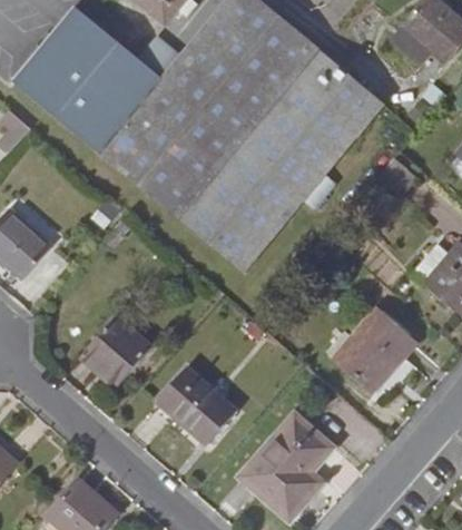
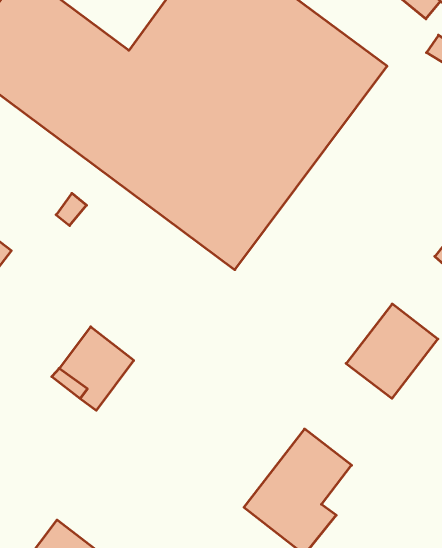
building: [157,366,236,443] -> none

